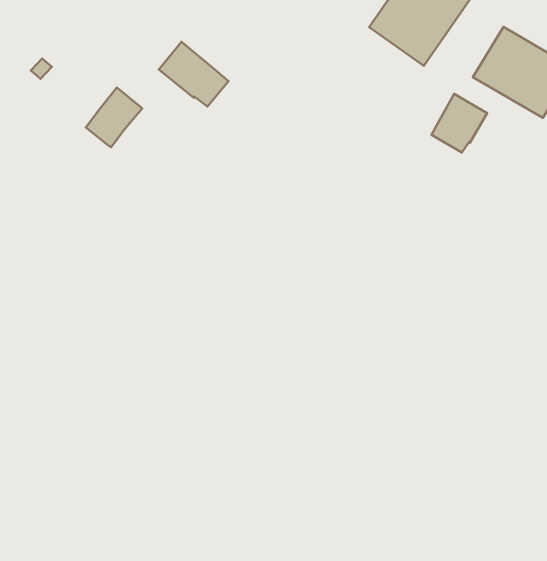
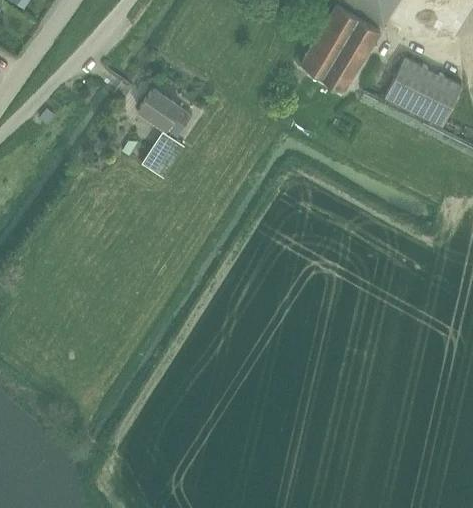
building: [86,88,142,147] -> [140,131,183,178]
building: [431,94,487,152] -> none

